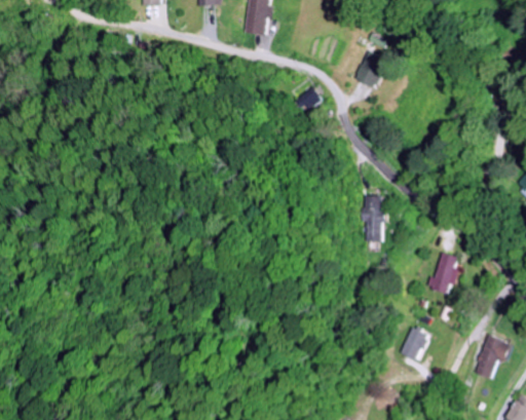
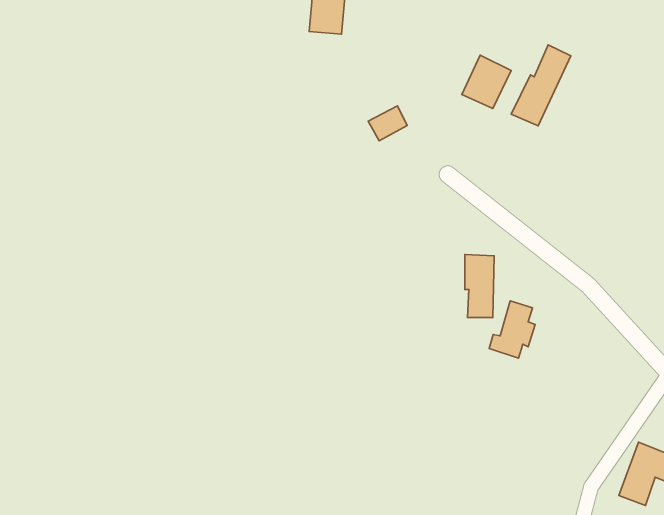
building: none -> [511,45,571,126]
building: [426,252,460,294] -> [489,301,535,358]
building: [396,327,423,360] -> none

